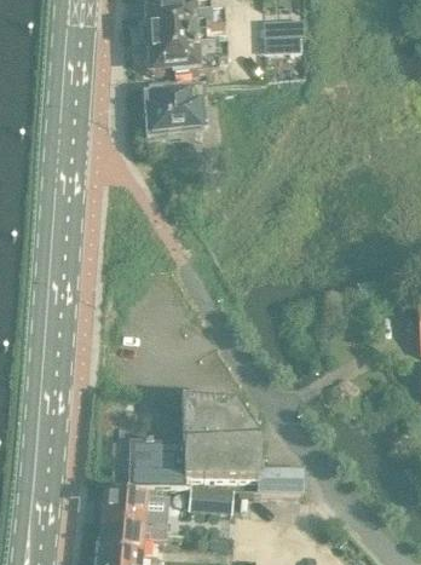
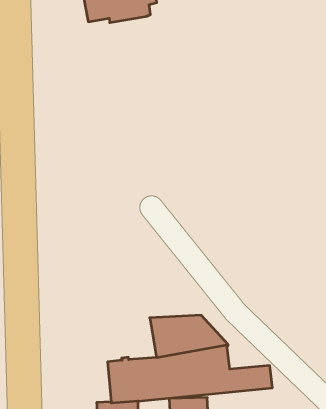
building: [150,91,201,136] -> none

